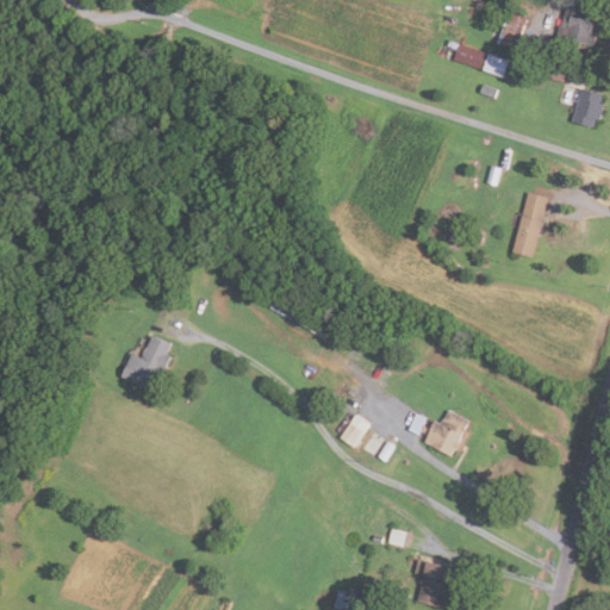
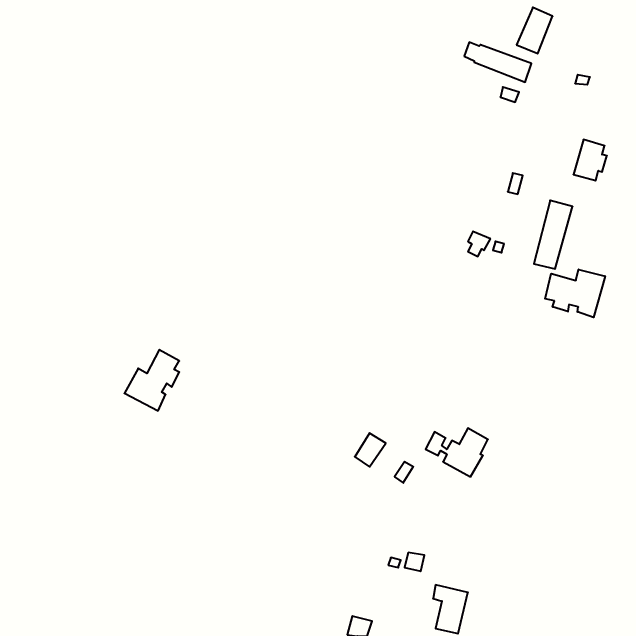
building: [553,7,599,50] -> none
building: [572,88,604,127] -> [573,140,607,181]
building: none -> [545,269,605,317]

